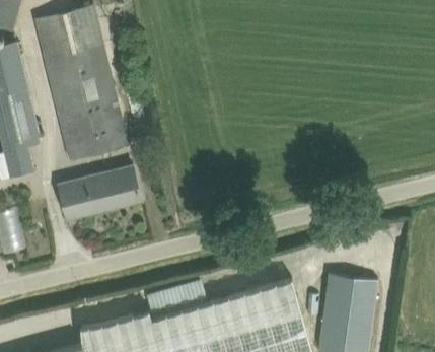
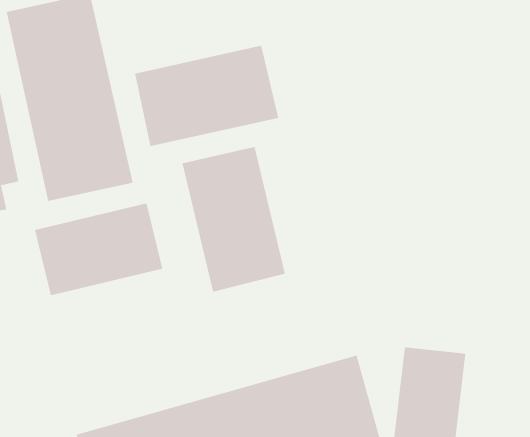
building: none -> [134,45,279,147]
building: none -> [182,146,285,293]

